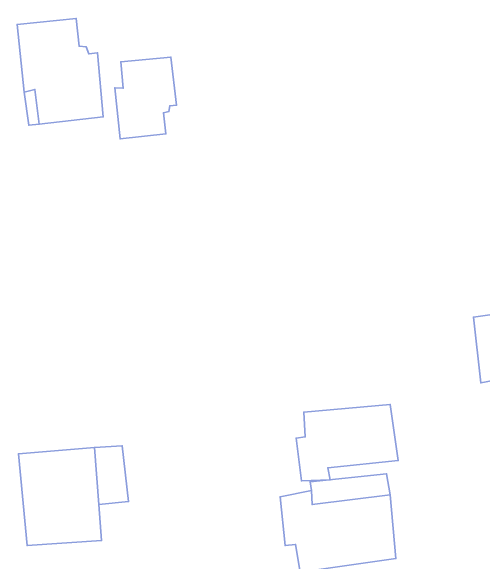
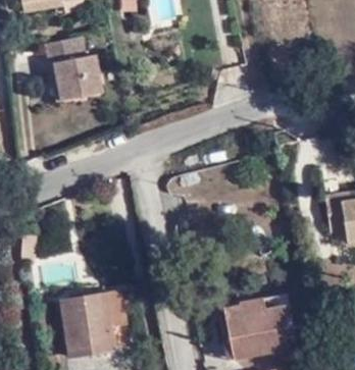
building: [115,57,177,139] -> none
building: [296,405,398,481] -> none

